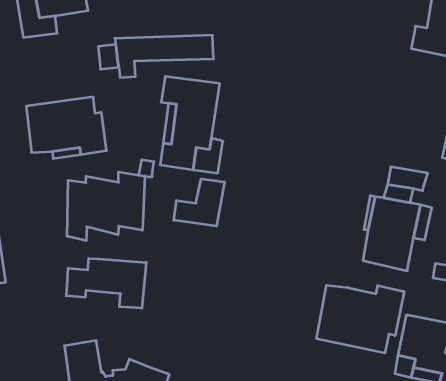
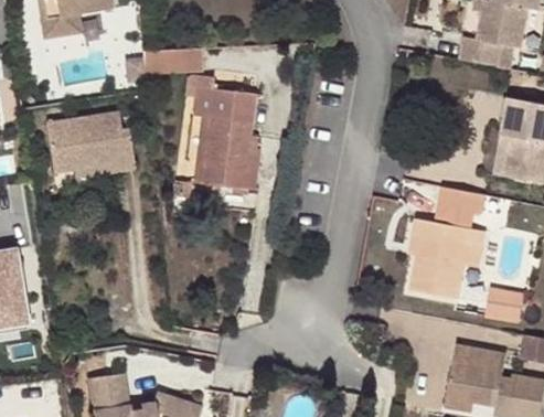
building: [67,172,145,241] -> none
building: [174,179,225,226] -> none
building: [66,258,146,308] -> none
building: [317,285,404,353] -> none

